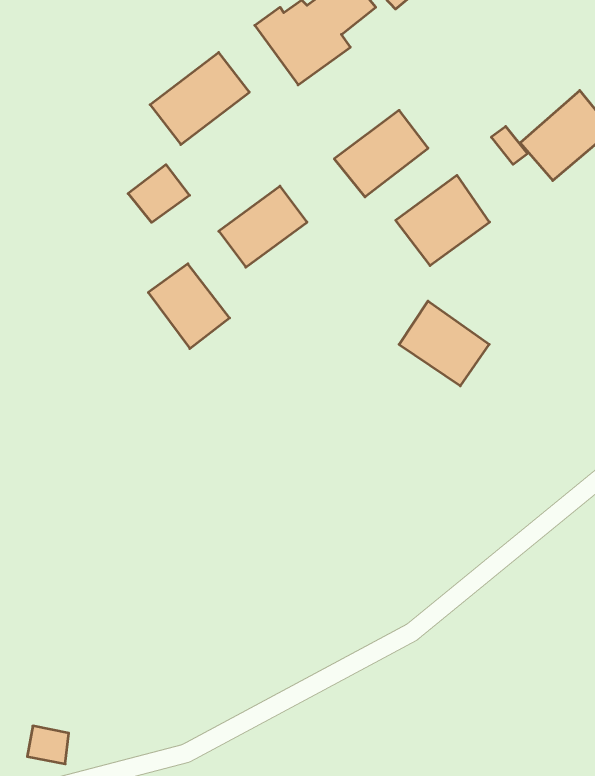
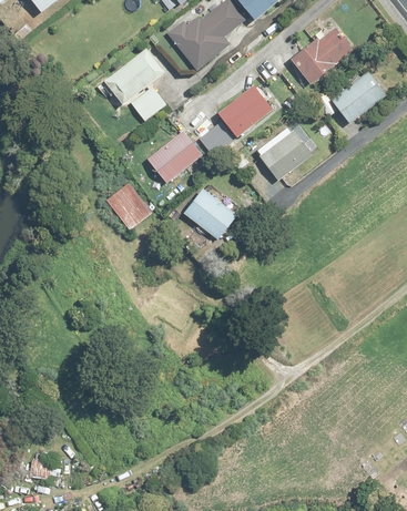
building: none -> [289,25,352,85]
building: [128,165,190,222] -> [130,84,167,120]
building: none -> [199,120,232,151]
building: [399,301,489,386] -> [181,187,236,239]

